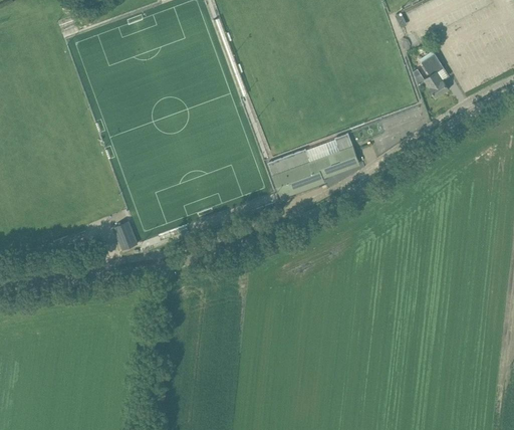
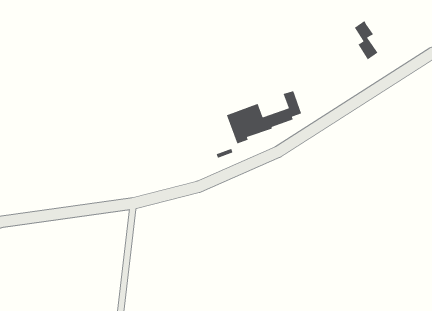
building: [113,221,138,250] -> none

